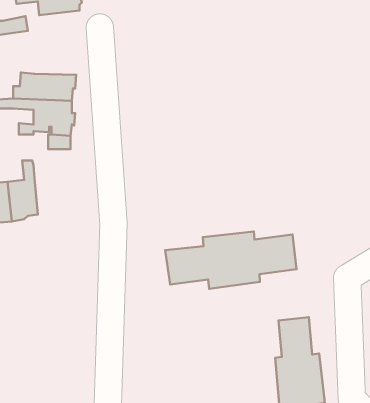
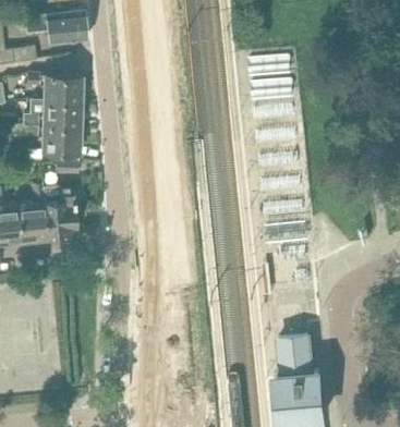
building: none -> [26,75,83,103]
building: none -> [41,186,80,242]
building: [165,232,296,289] -> none

